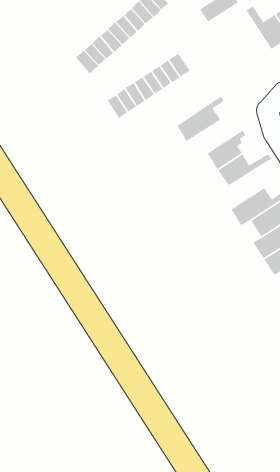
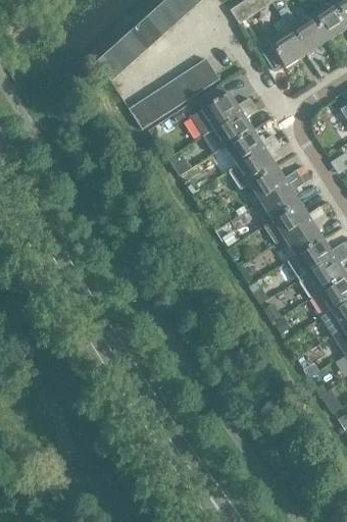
building: none -> [260,18,306,68]
building: none -> [192,93,252,136]
building: none -> [225,129,276,165]
building: none -> [260,171,311,219]

